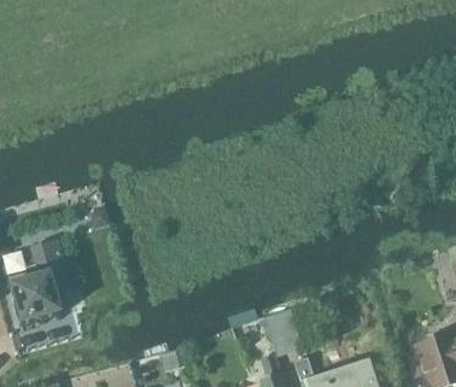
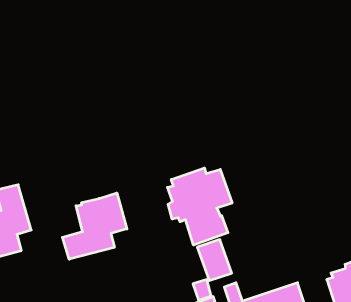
building: none -> [167,168,232,245]
building: none -> [62,193,127,259]

